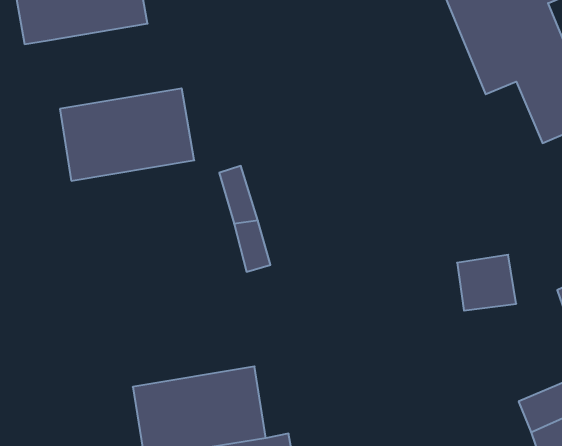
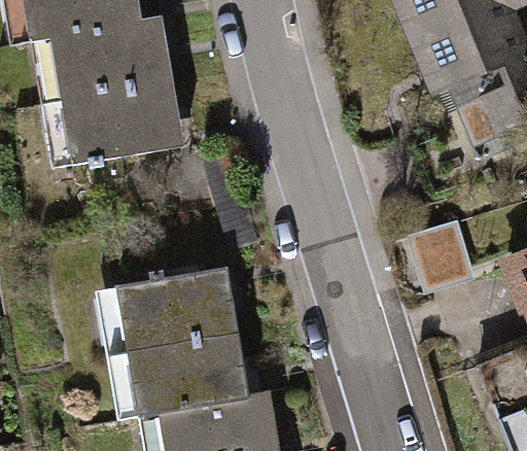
building: none -> [50,21,172,101]
building: none -> [116,270,238,352]

